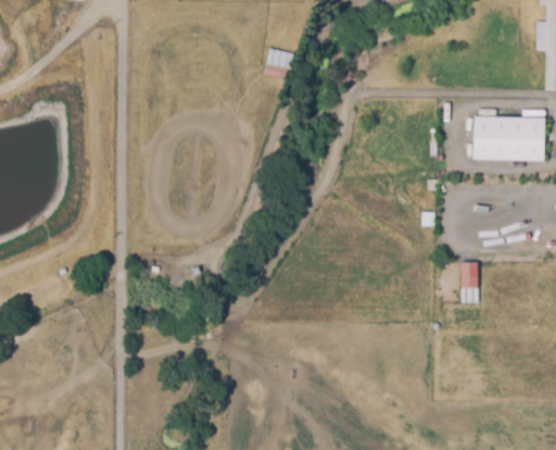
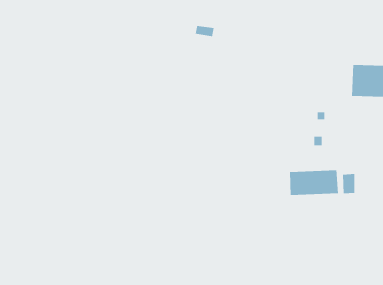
building: none -> [289,169,338,196]

